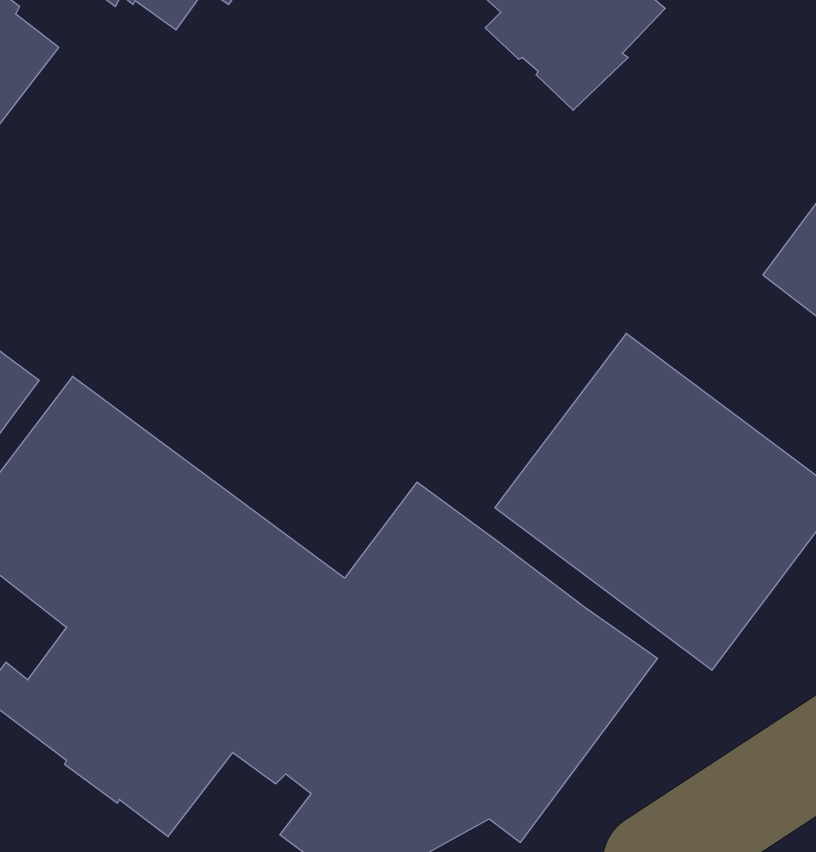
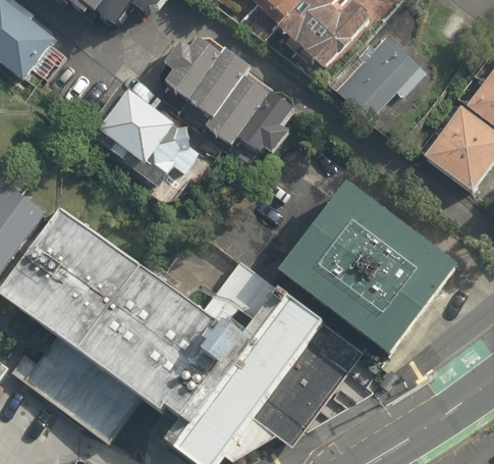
building: none -> [337,35,425,118]
building: none -> [162,36,293,153]
building: none -> [86,83,197,184]

